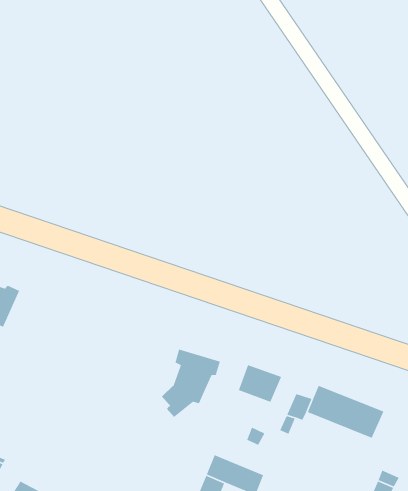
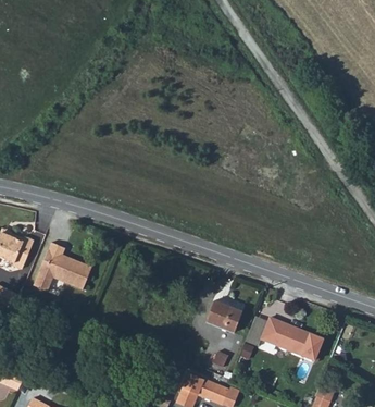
building: none -> [34,247,93,297]
building: [161,349,221,418] -> none

